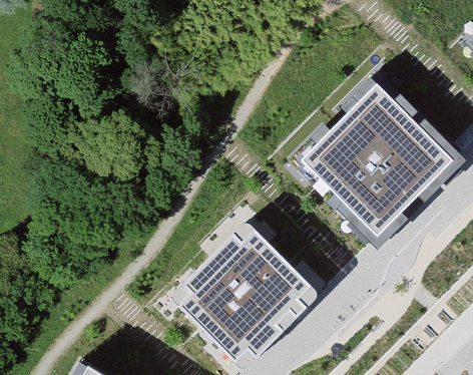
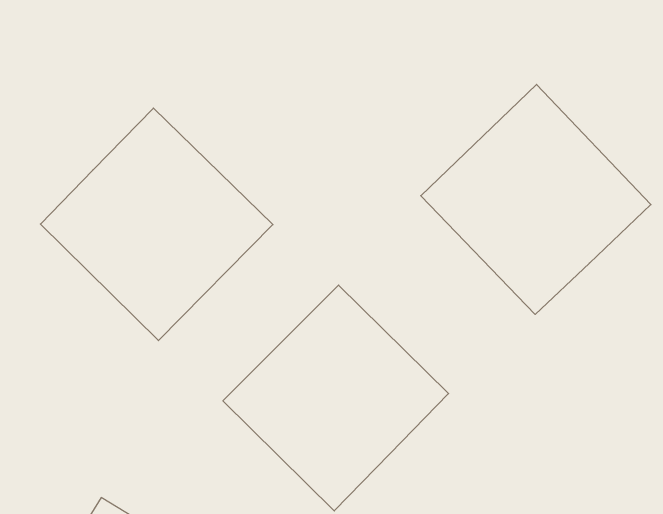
building: none -> [40,108,273,341]

